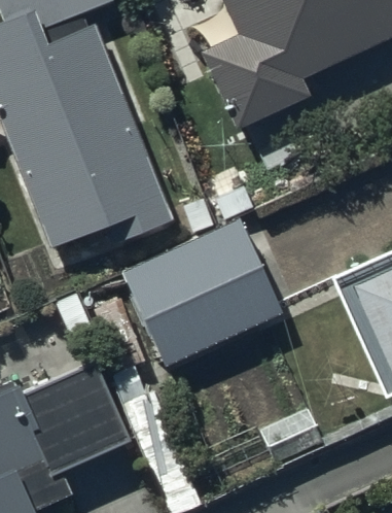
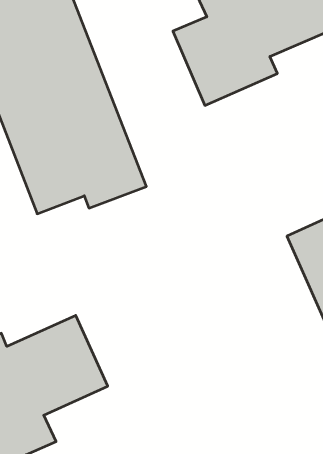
building: [124,219,278,365] -> none

